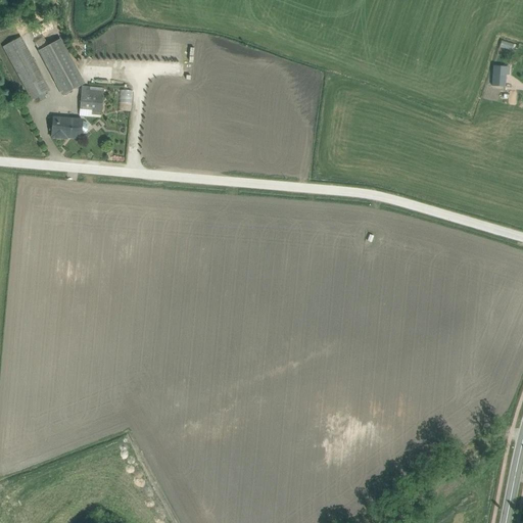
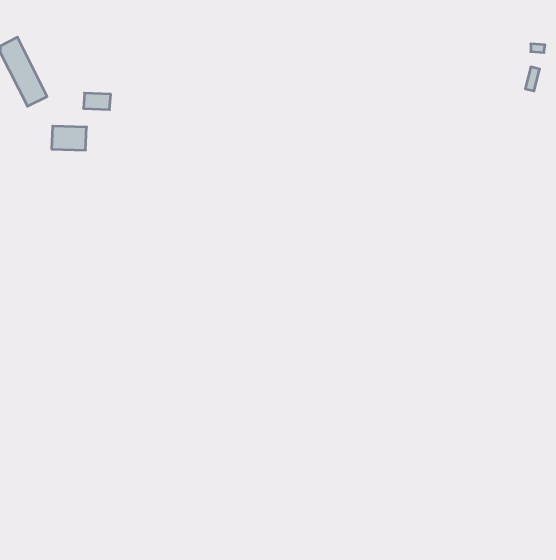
building: [39,36,83,94] -> none

